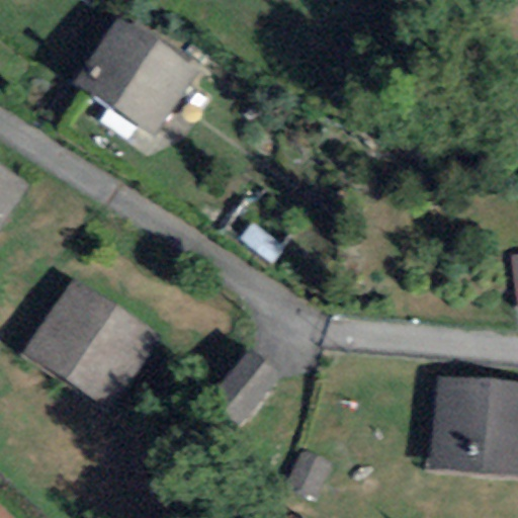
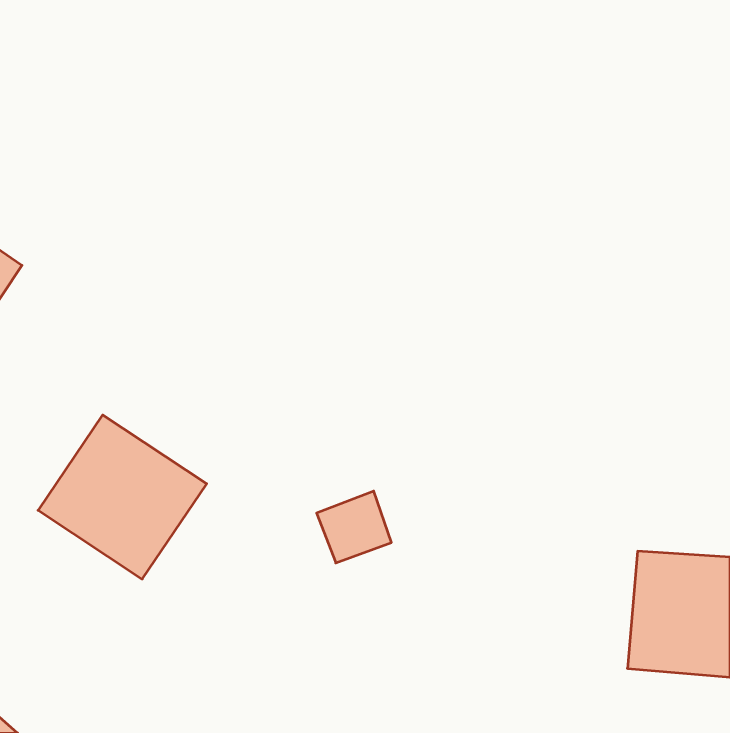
building: [78,22,191,130] -> none

